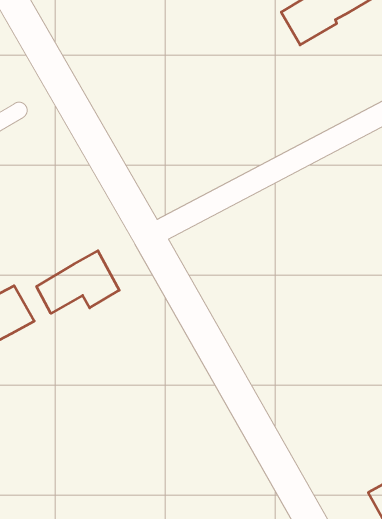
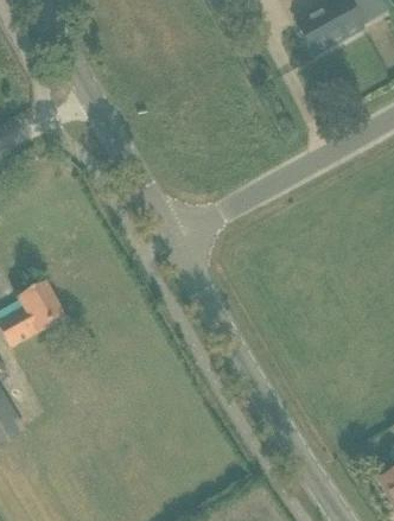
building: [37,251,119,313] -> none

